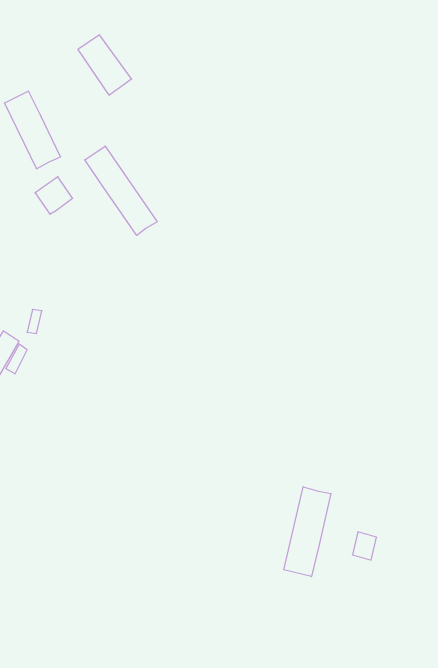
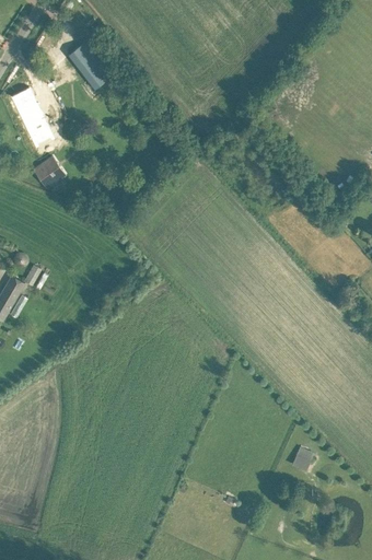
building: [85,146,157,235] -> none
building: [284,487,331,577] -> none

